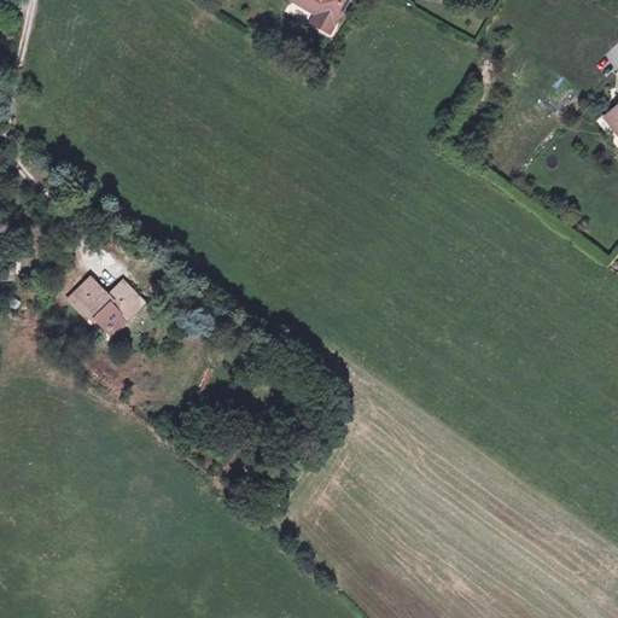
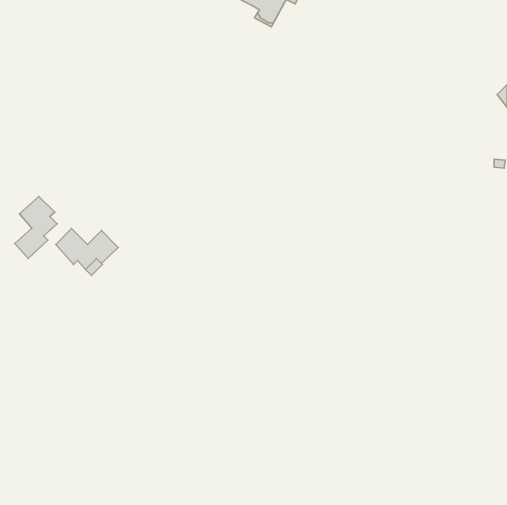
building: none -> [15,196,57,259]

